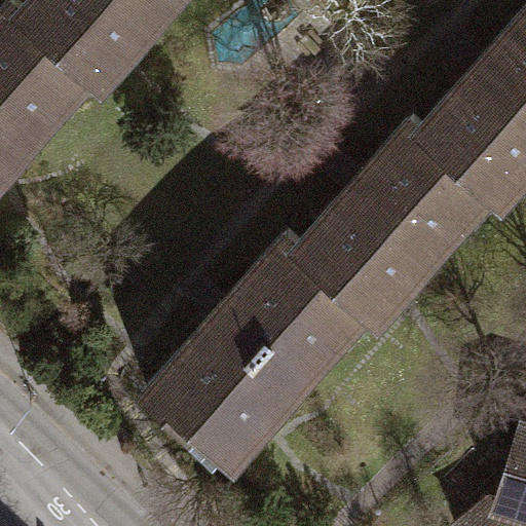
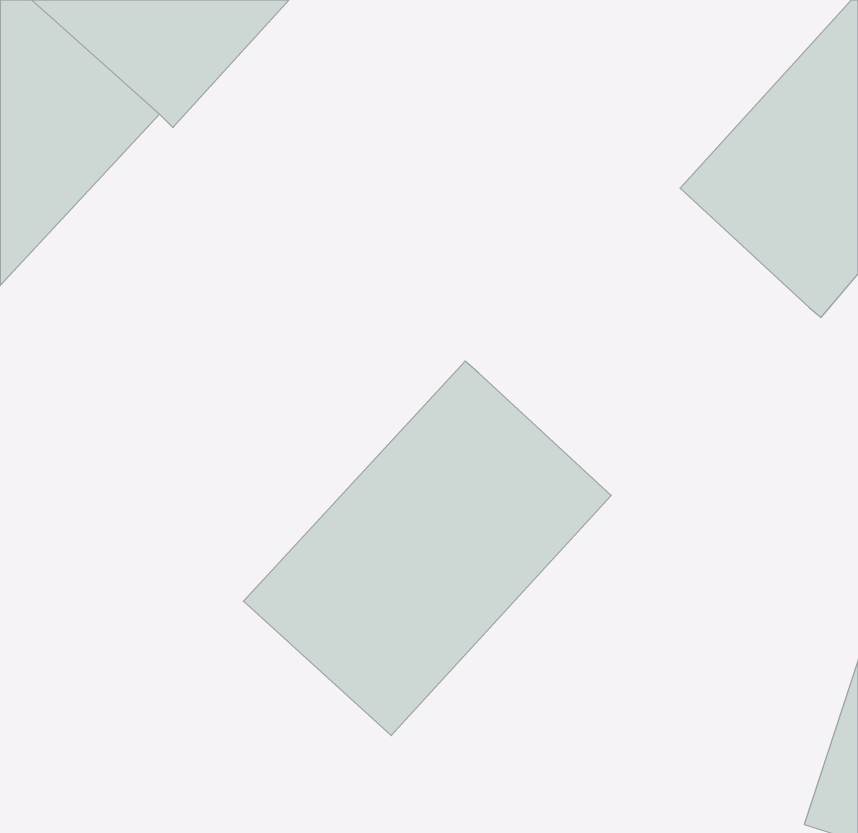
building: [293,121,495,326] -> none

